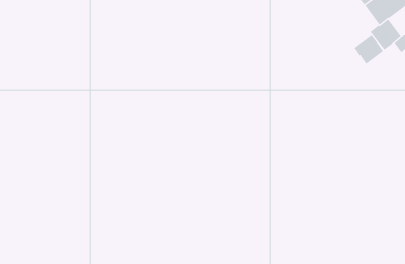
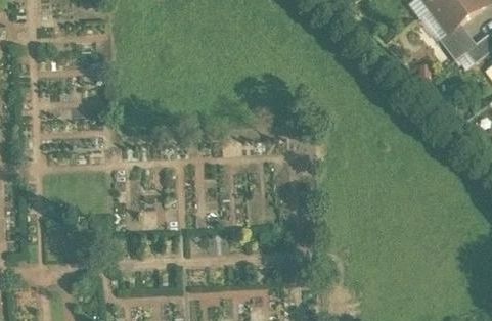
building: [353,34,384,64] -> none

